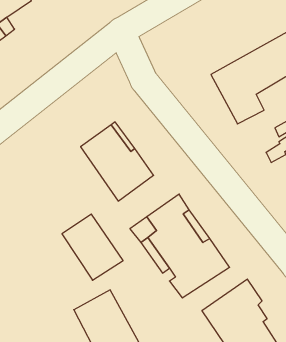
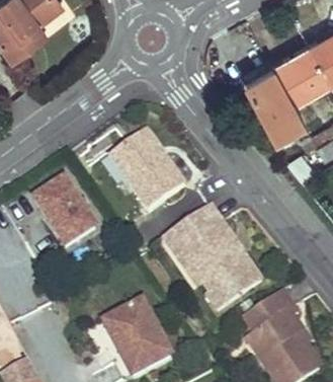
building: [62,214,123,280] -> [34,179,97,247]

